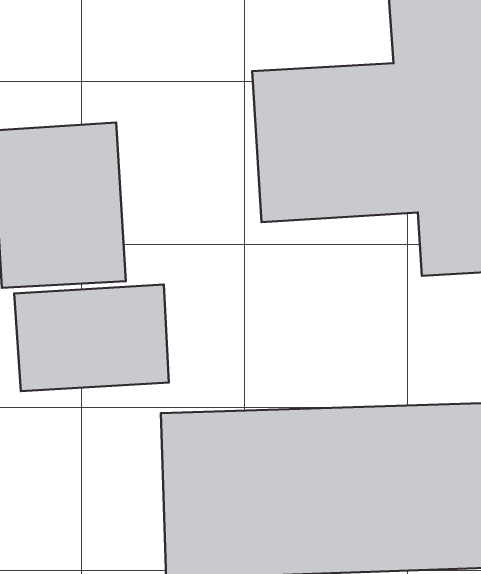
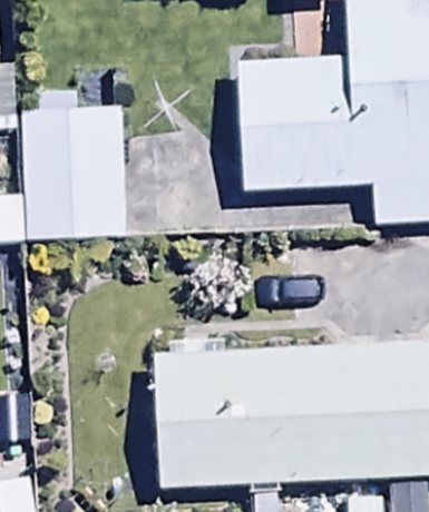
building: [14,285,169,391] -> none

